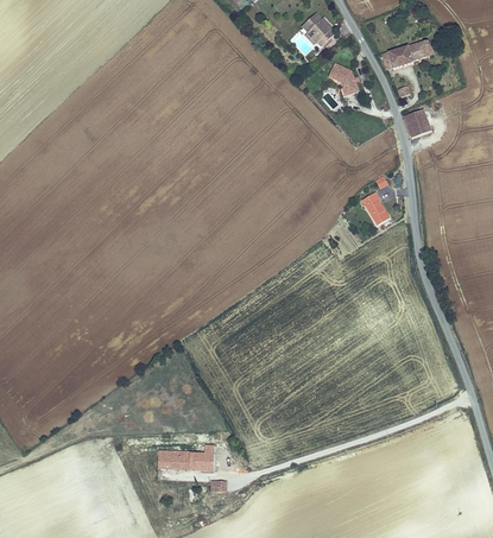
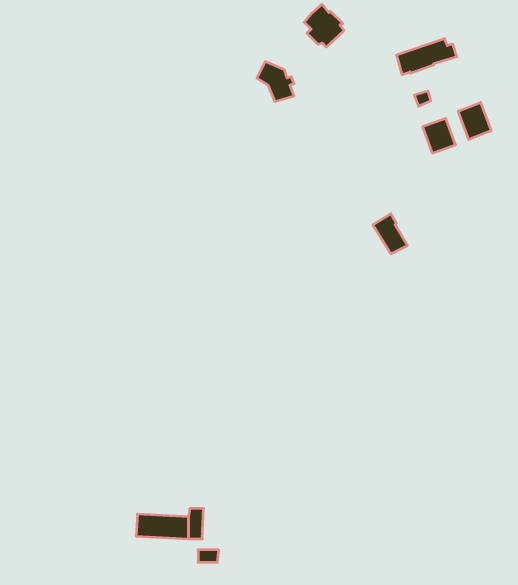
building: [328,62,360,96] -> [257,62,294,101]
building: none -> [458,102,491,140]

